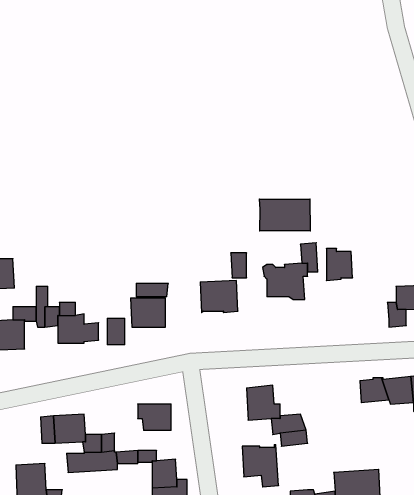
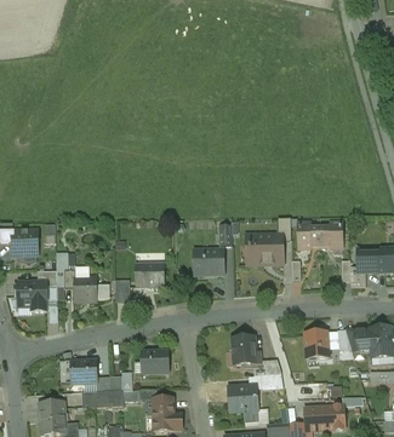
building: [259,199,310,231] -> none
building: none -> [319,220,342,247]
building: none -> [304,330,327,358]

